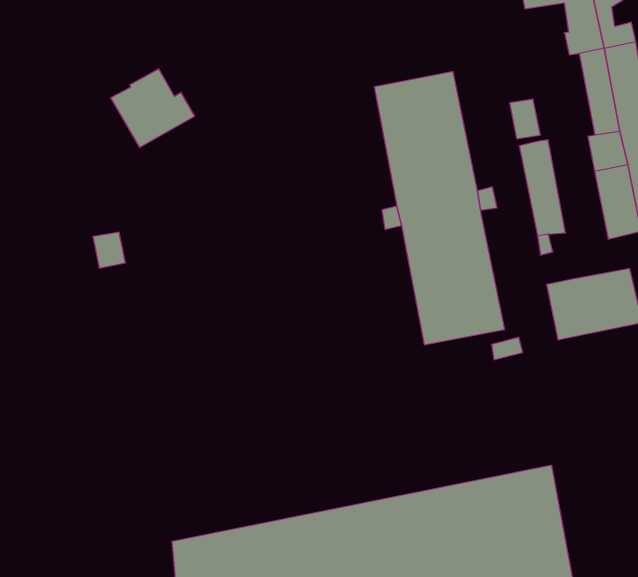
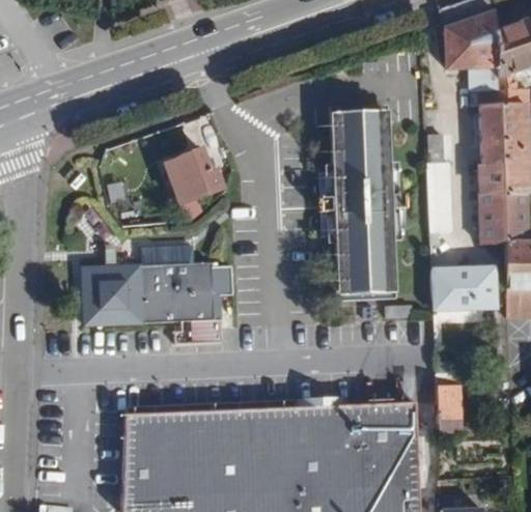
building: [110,69,195,148] -> [165,148,224,203]
building: none -> [87,246,233,344]
building: none -> [437,388,462,432]

